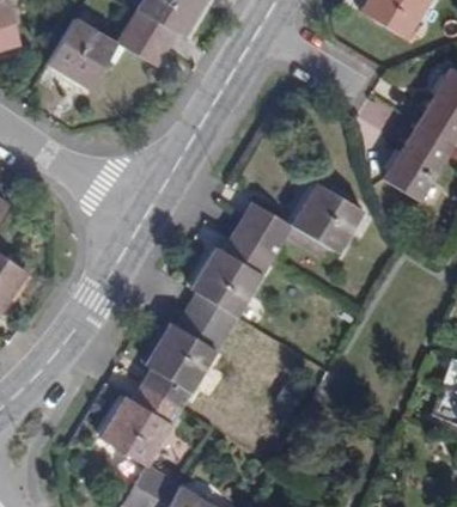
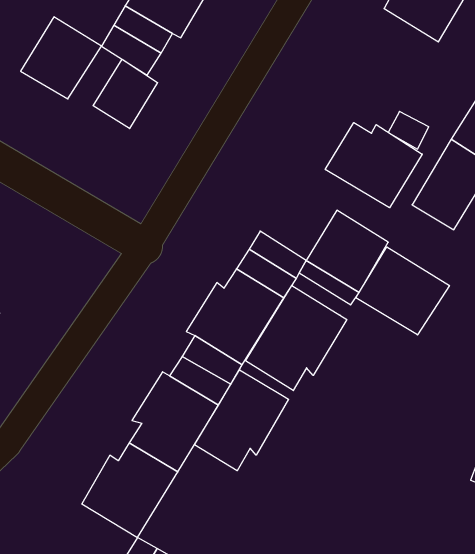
building: none -> [93,59,158,129]
building: none -> [325,123,422,208]
building: none -> [356,247,449,335]
building: none -> [245,285,347,391]
building: none -> [194,370,289,471]

